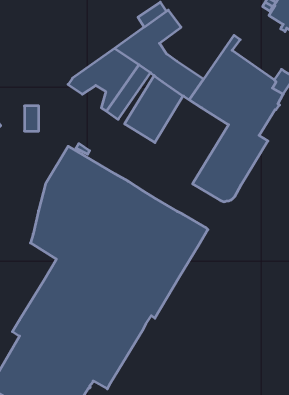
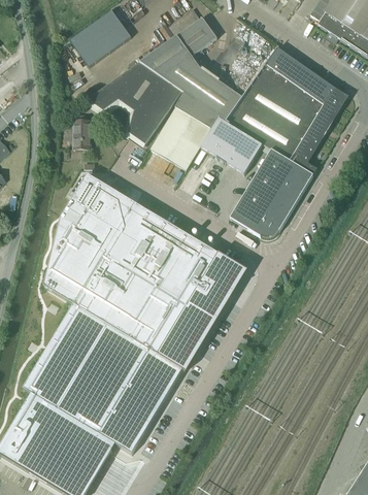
building: none -> [70,10,131,66]
building: none -> [275,52,332,98]
building: none -> [201,118,262,174]
building: [24,106,39,131] -> [74,120,91,148]

